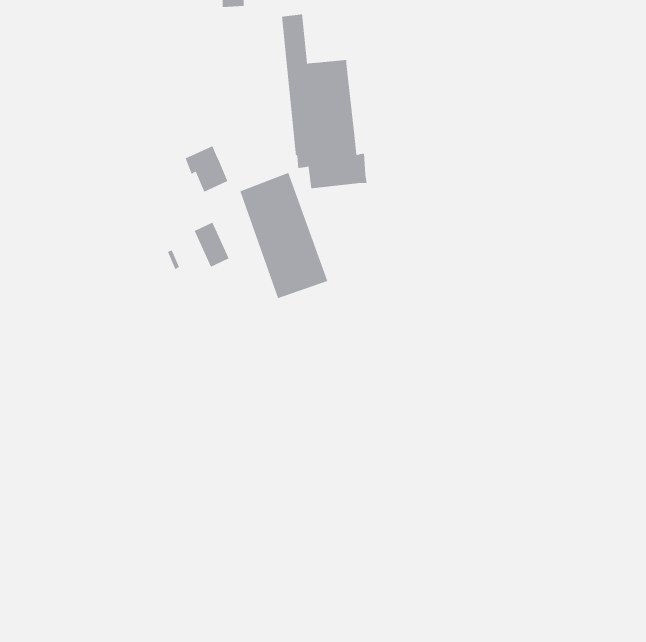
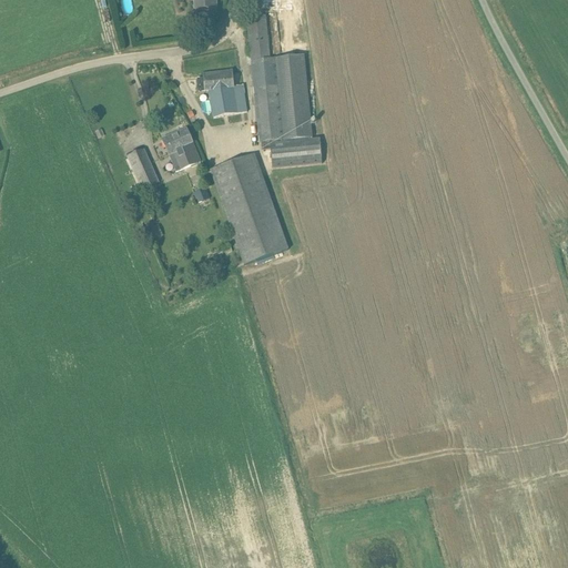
building: none -> [196,71,247,122]
building: [194,222,229,267] -> [126,146,158,186]

